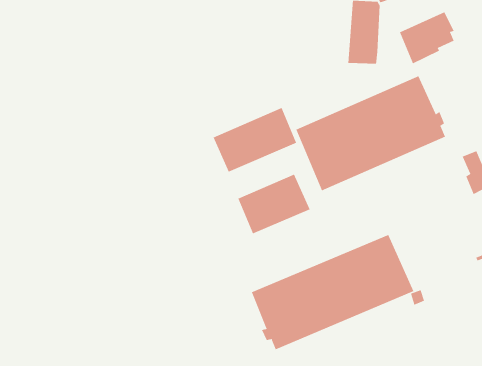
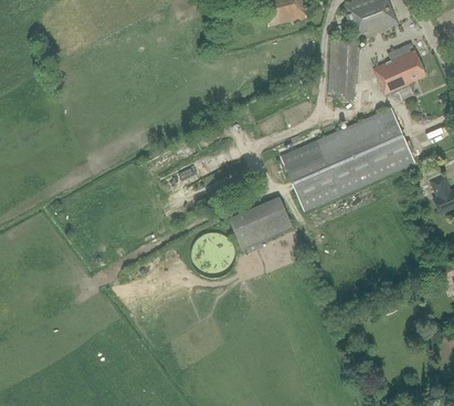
building: [213,107,297,172] -> none
building: [251,234,414,350] -> none

